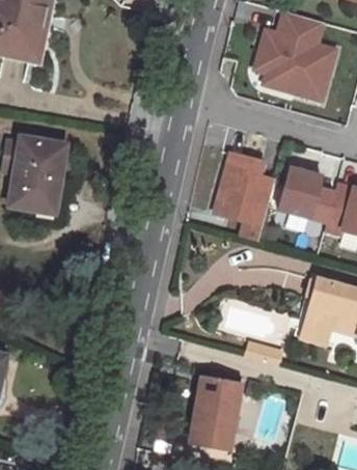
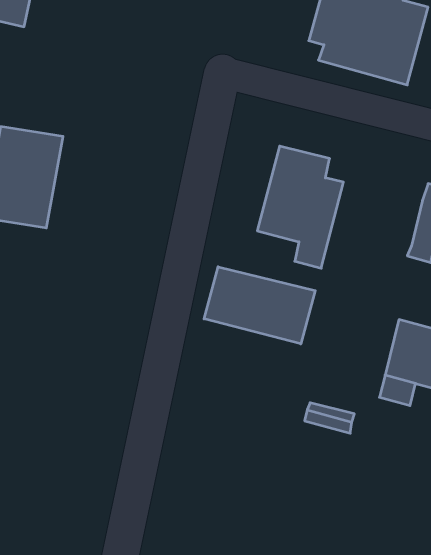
building: [275,164,335,224] -> none
building: none -> [204,267,315,344]
building: [191,364,244,448] -> none

